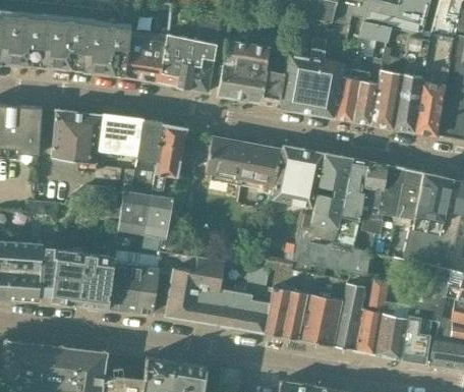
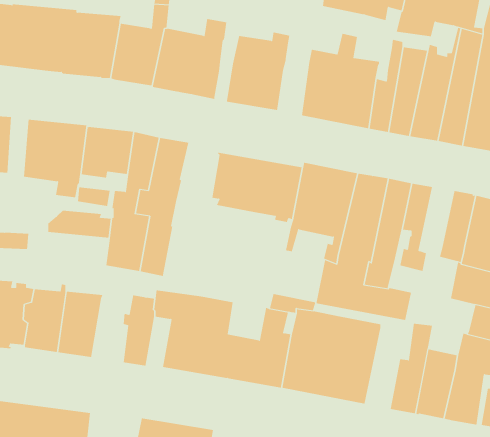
building: [262,60,287,107] -> none
building: [380,166,407,217] -> none
building: [108,251,141,312] -> none
building: [334,283,365,350] -> none

